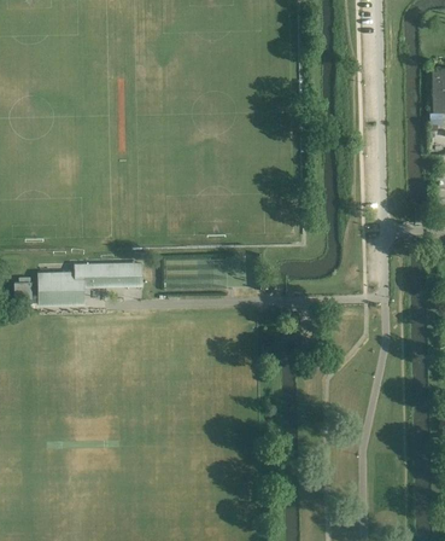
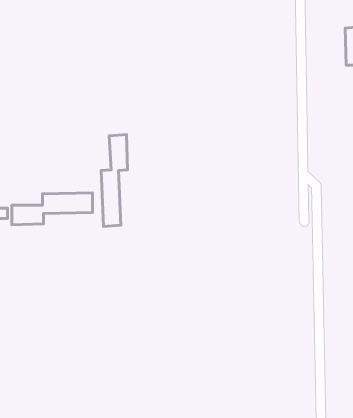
building: none -> [101,134,127,226]

